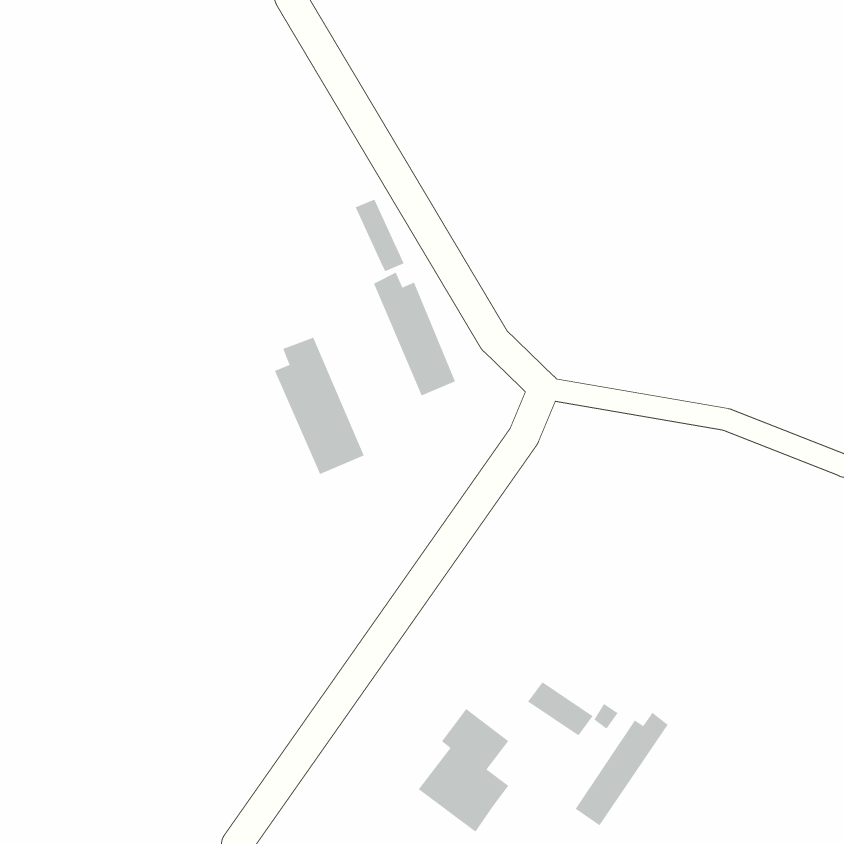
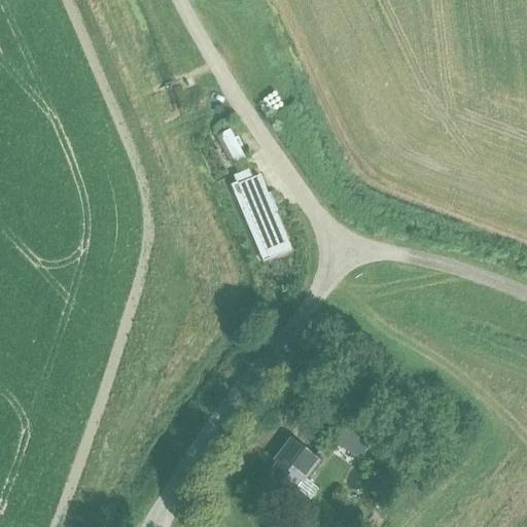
building: [274,337,364,475] -> none
building: [575,712,668,826] -> none

